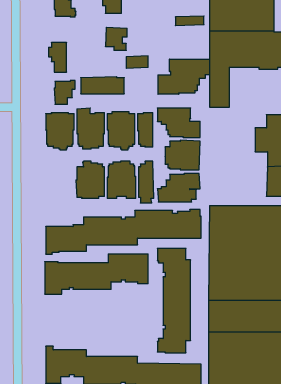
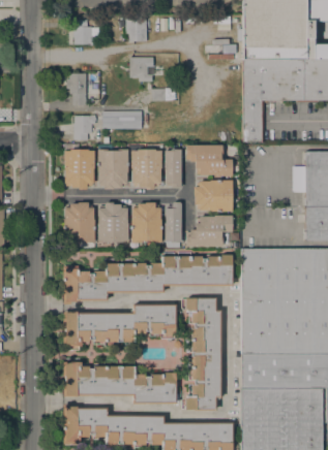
building: [158,59,210,94] -> none
building: none -> [63,202,94,243]
building: none -> [62,362,176,404]

